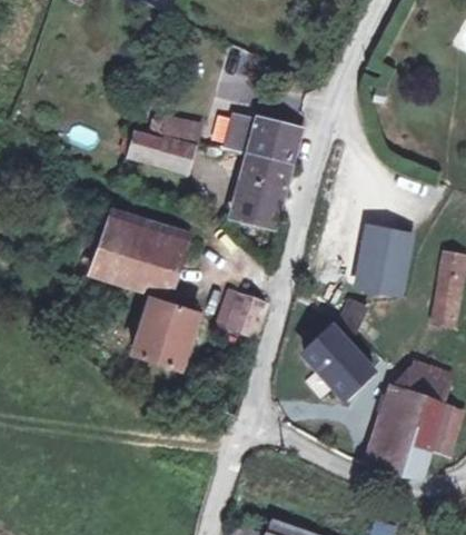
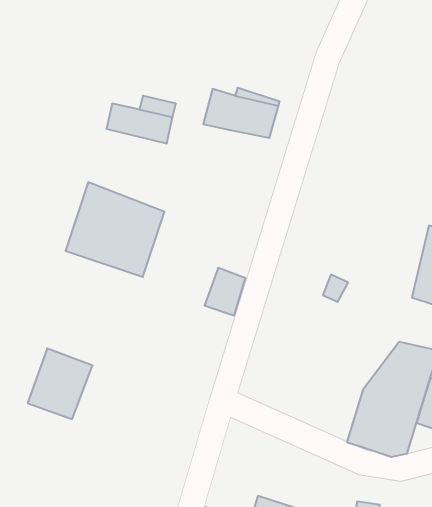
building: [235,158,289,225] -> none
building: [355,227,409,290] -> none
building: [133,301,197,370] -> [28,348,93,419]
building: [299,323,373,397] -> none

